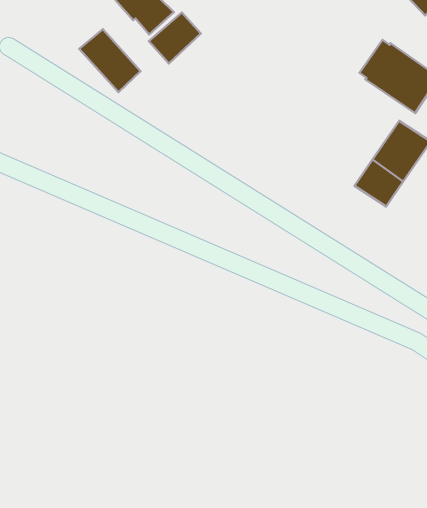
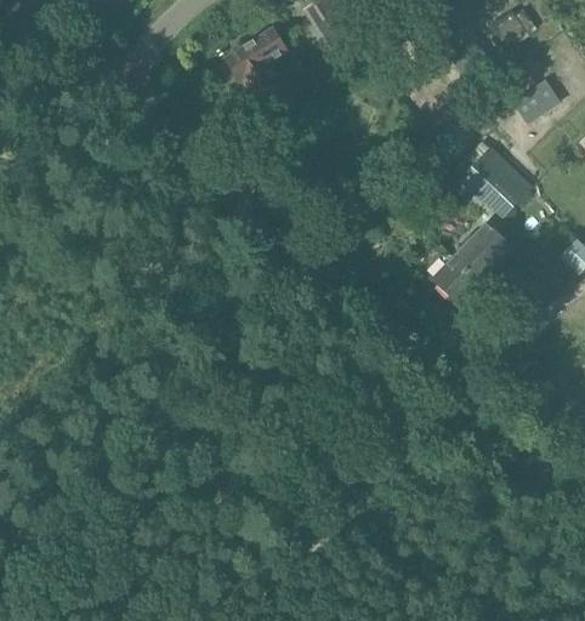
building: [149,12,201,63] -> none
building: [79,29,141,92] -> none

